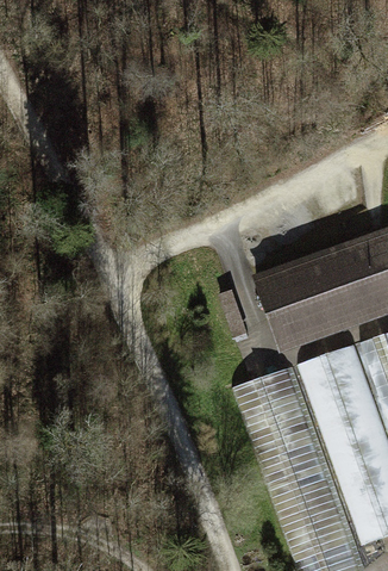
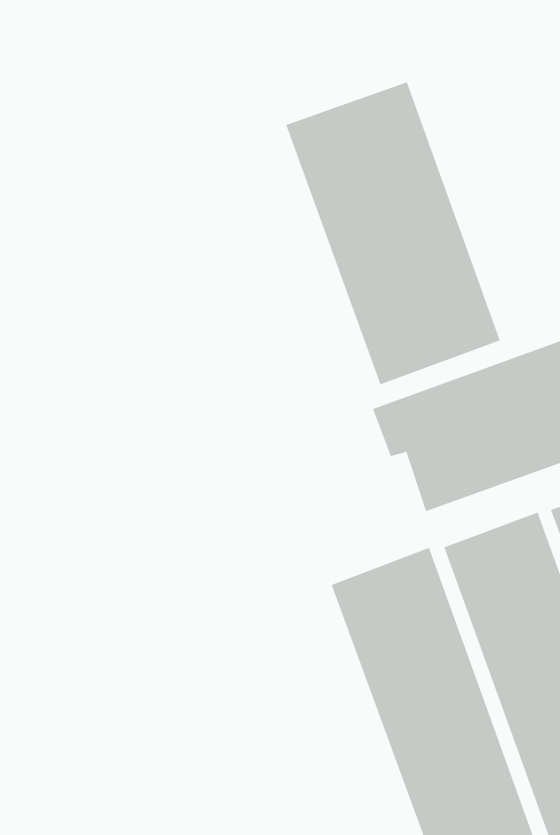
building: none -> [285,82,500,385]

